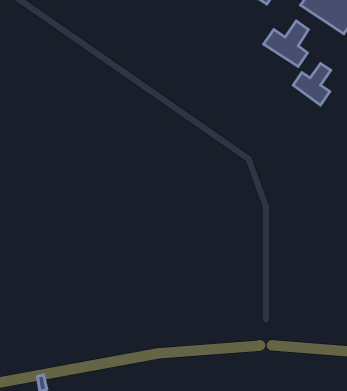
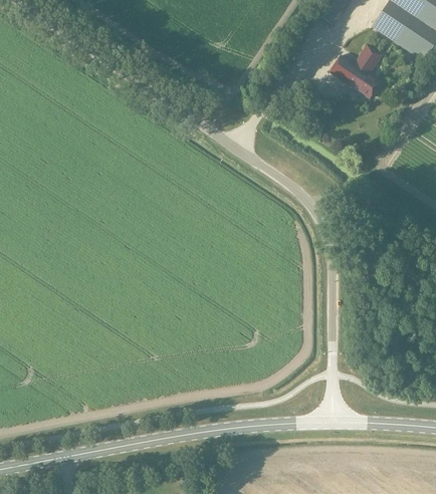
building: [293,63,331,105] -> none

